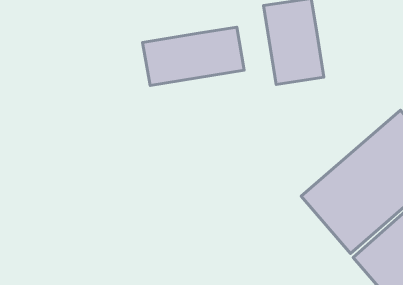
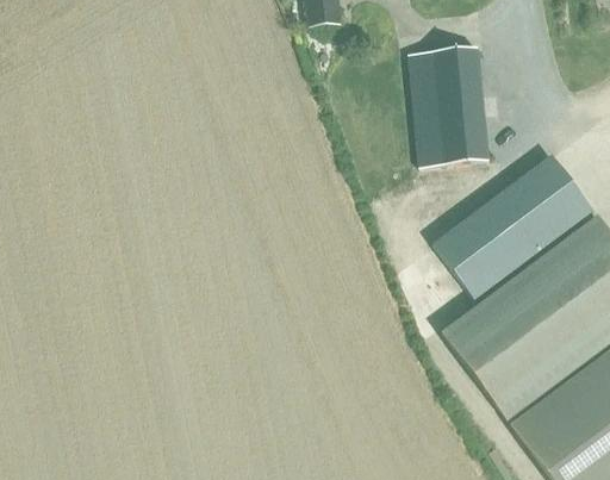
building: [143,27,244,85] -> none
building: none -> [432,156,591,298]

